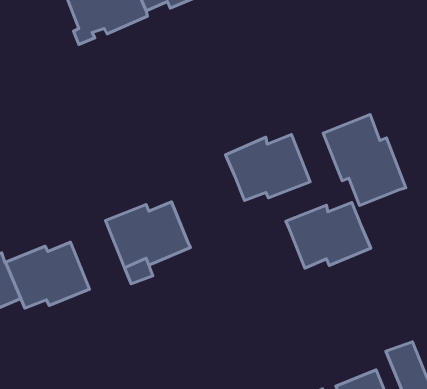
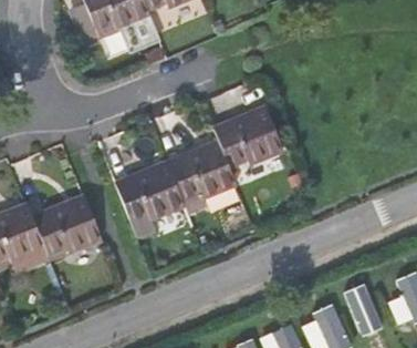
building: [323,114,406,206] -> none
building: [286,202,371,268] -> [166,146,236,201]

